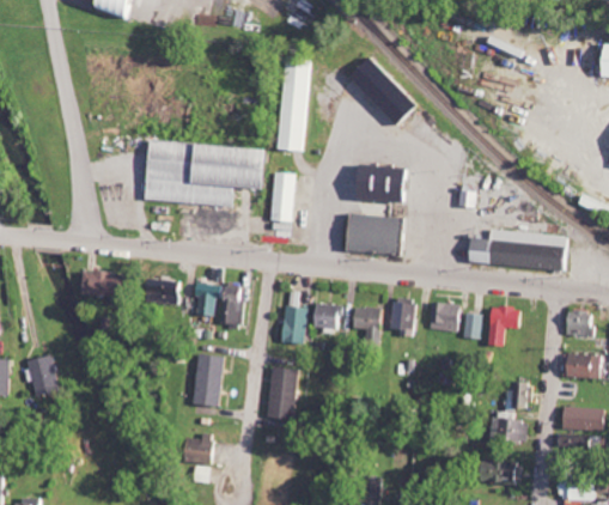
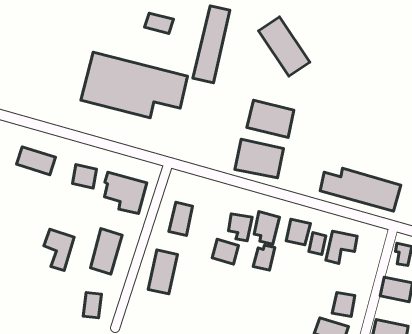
building: none -> [144,13,173,33]
building: [270,172,294,221] -> none
building: [311,303,341,330] -> [212,239,239,264]
building: none -> [253,245,275,270]
building: none -> [44,229,74,270]

